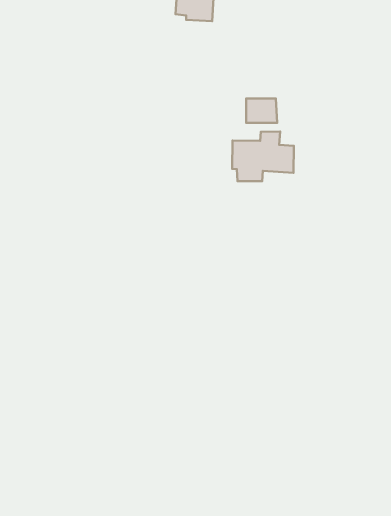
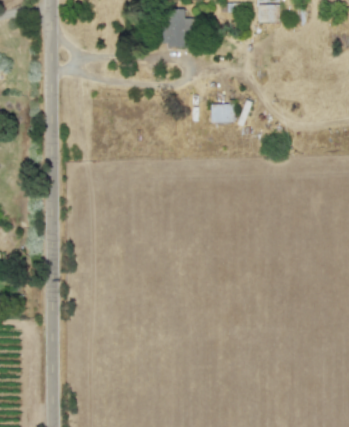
building: [232,131,294,181] -> none

